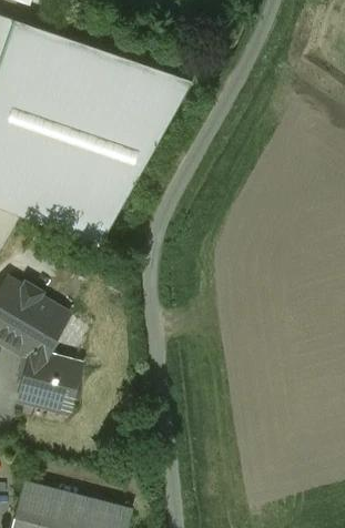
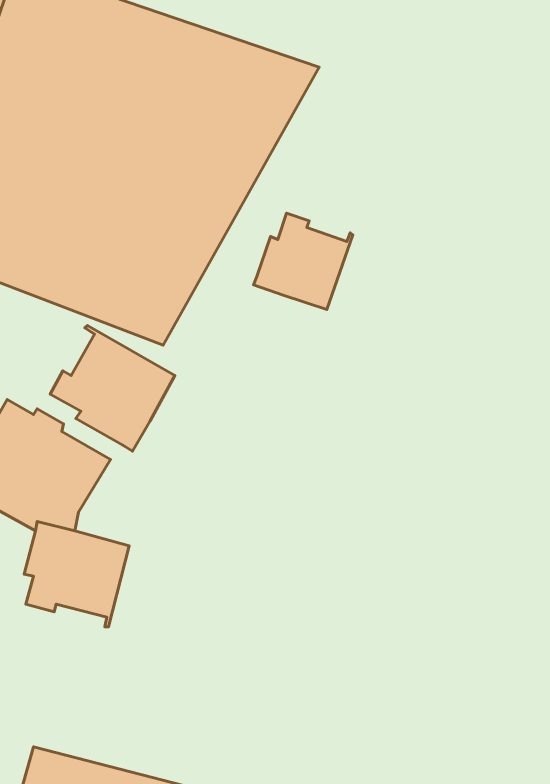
building: none -> [254,213,353,309]
building: none -> [50,326,175,451]

